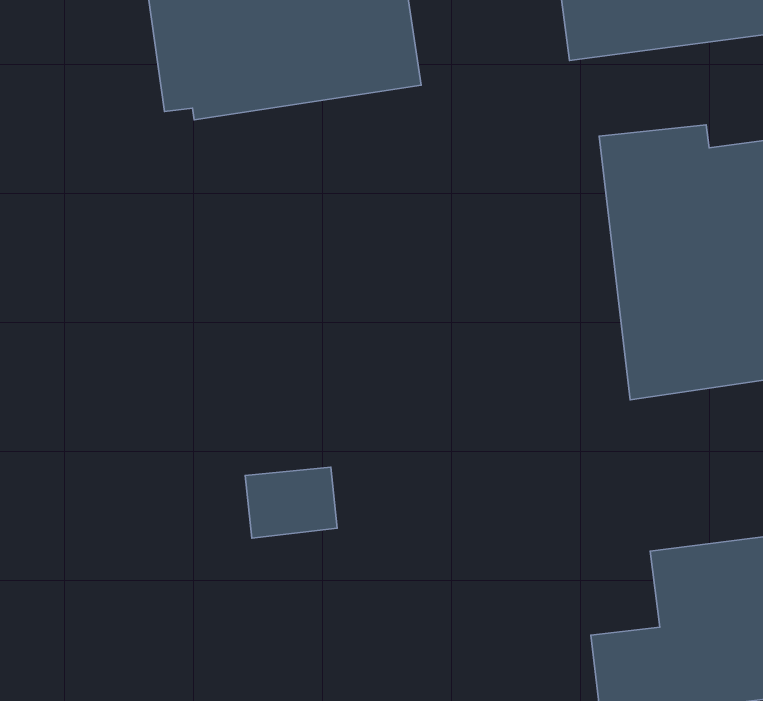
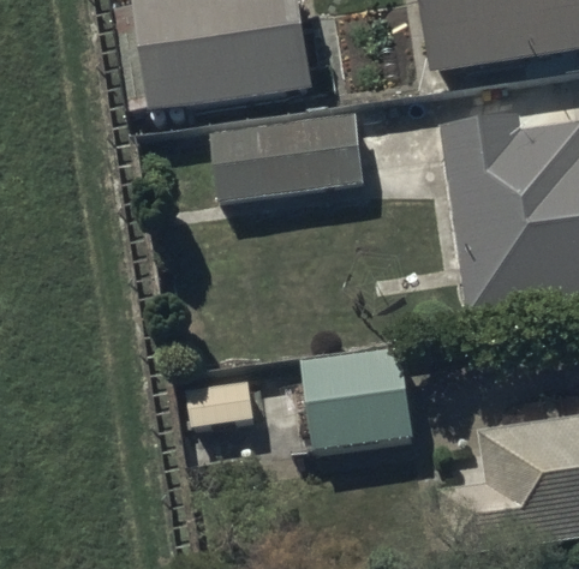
building: none -> [211,115,364,200]
building: none -> [304,349,413,451]

